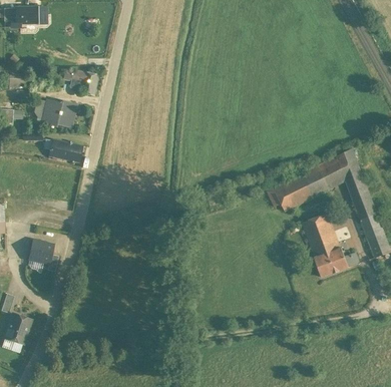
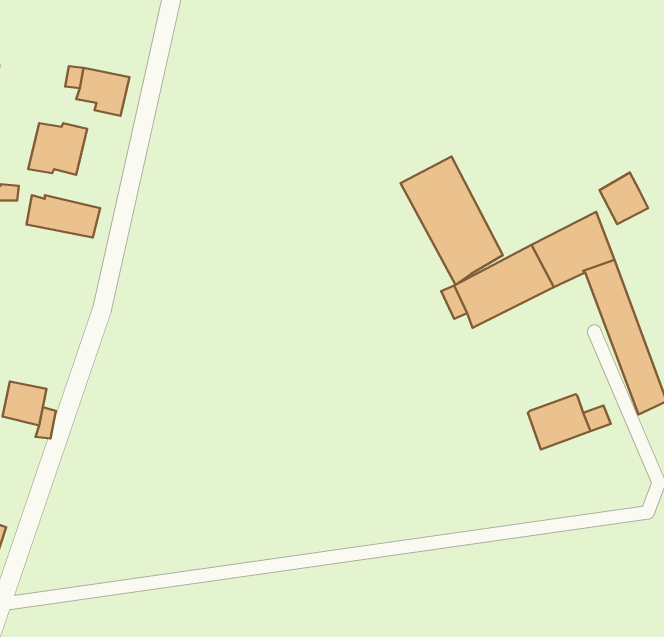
building: none -> [400,157,503,285]
building: none -> [600,172,648,224]
building: [302,212,346,257] -> none

